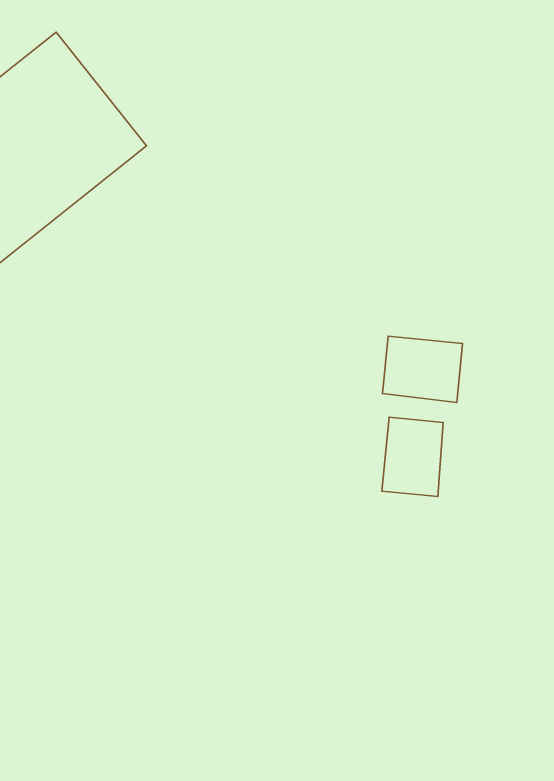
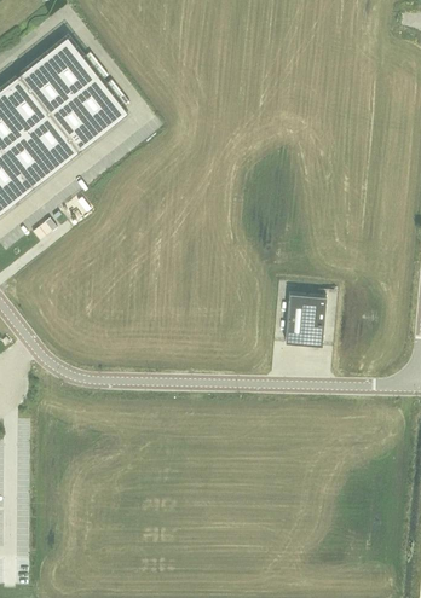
building: [383,336,463,403] -> none

